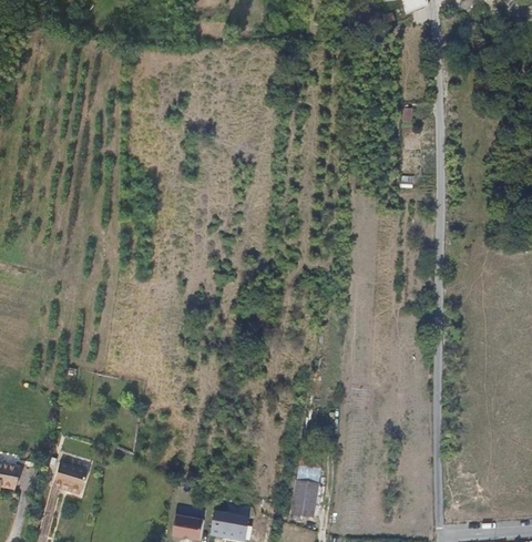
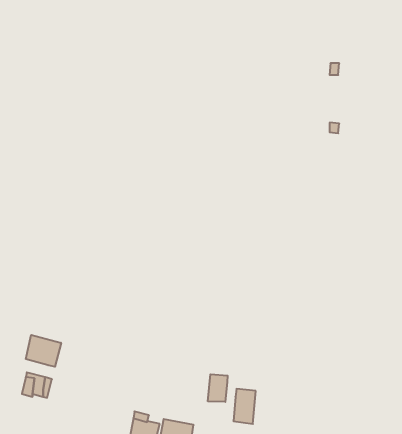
building: none -> [26,335,61,367]
building: none -> [208,374,228,402]

